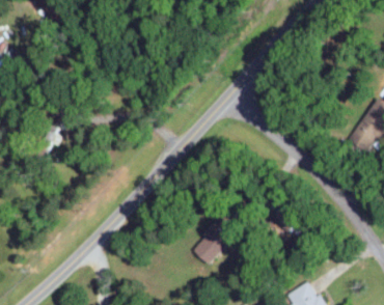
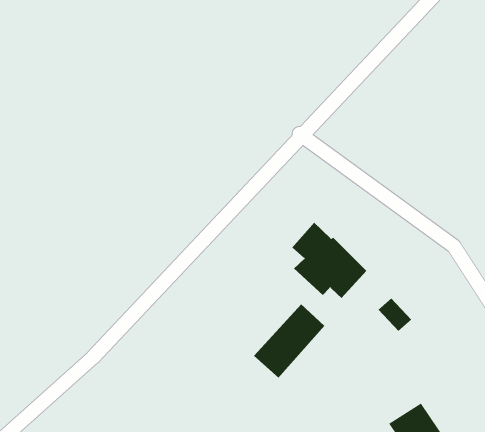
building: none -> [291,222,367,299]

